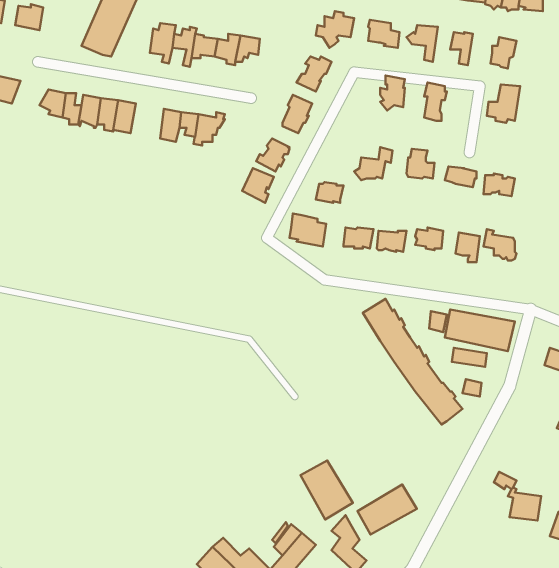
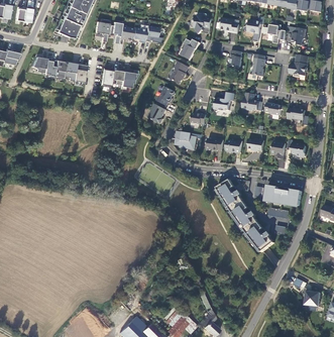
building: [301,461,353,519] -> none
building: [357,484,417,535] -> none

